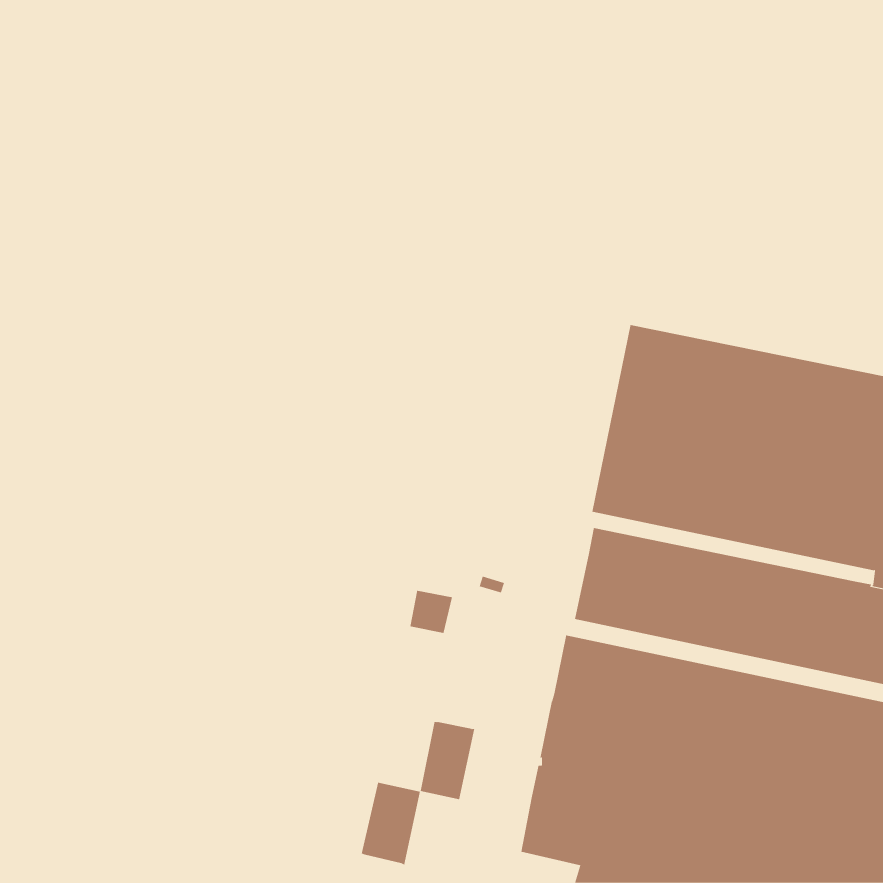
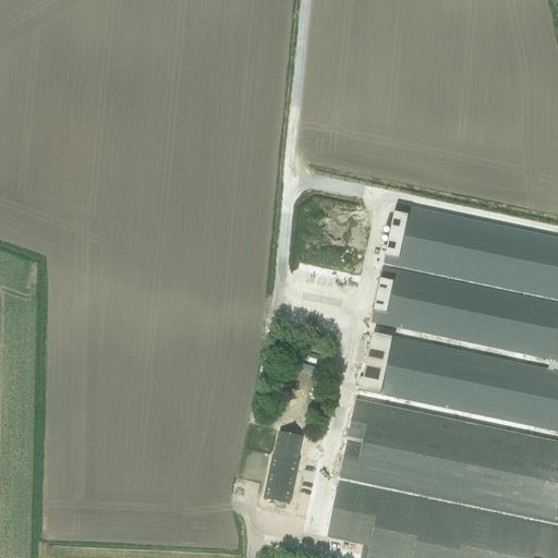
building: [410,590,453,634] -> [277,430,304,458]
building: [361,782,420,865] -> none

